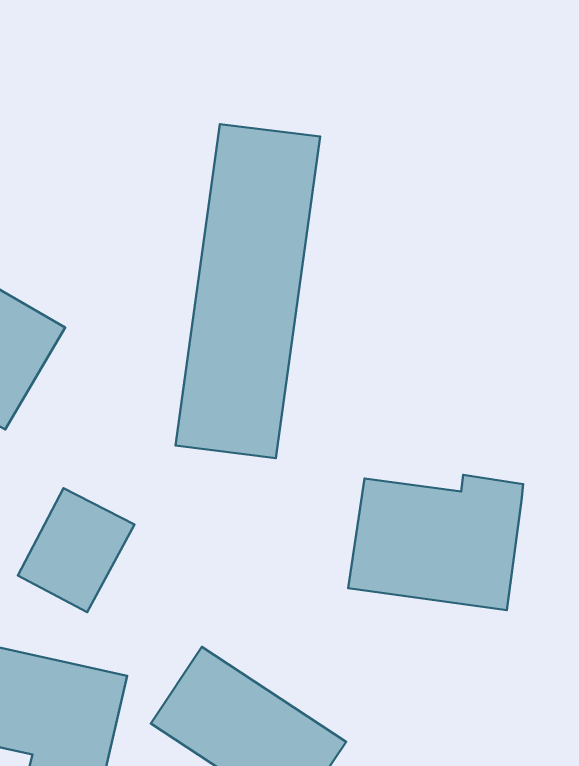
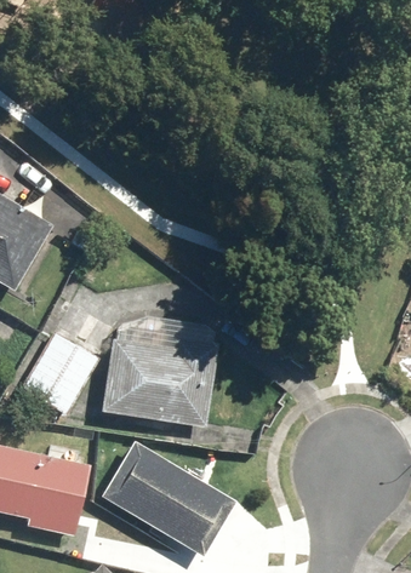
building: [175,124,320,458] -> none
building: [348,475,523,610] -> [96,340,212,430]

